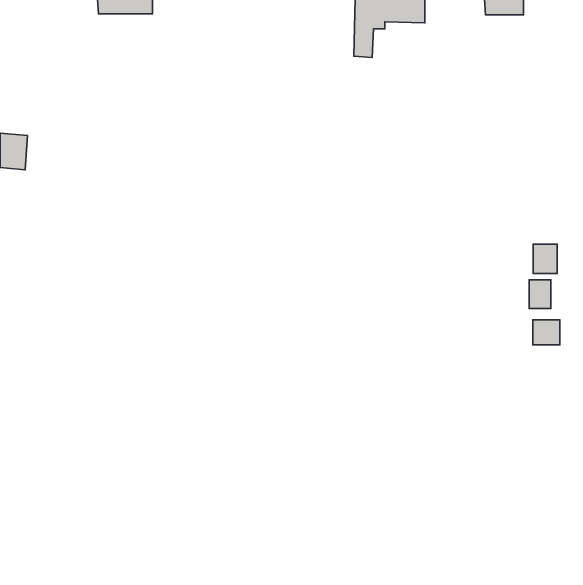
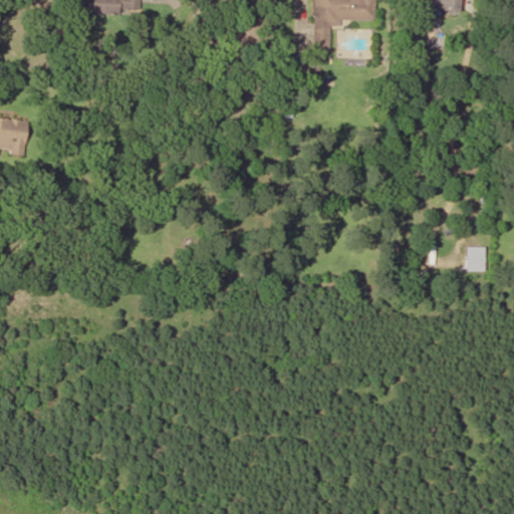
building: [533,244,557,274] -> none
building: [533,320,560,345] -> none

